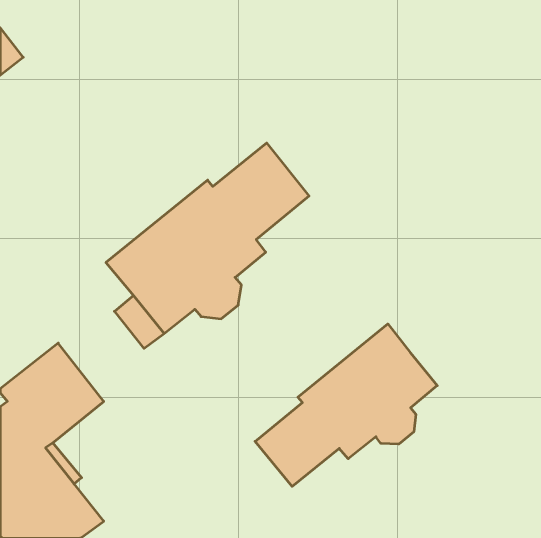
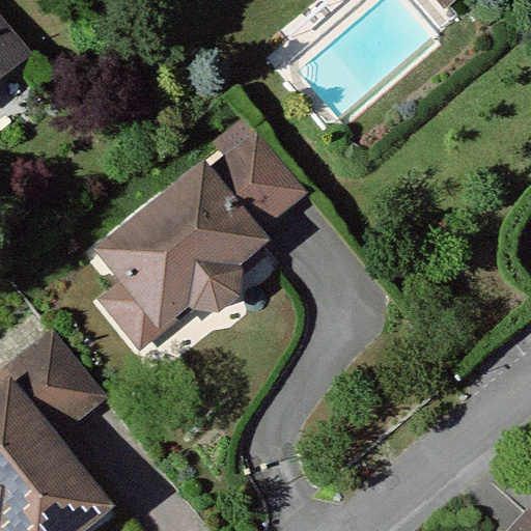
building: [255,324,437,486] -> none

